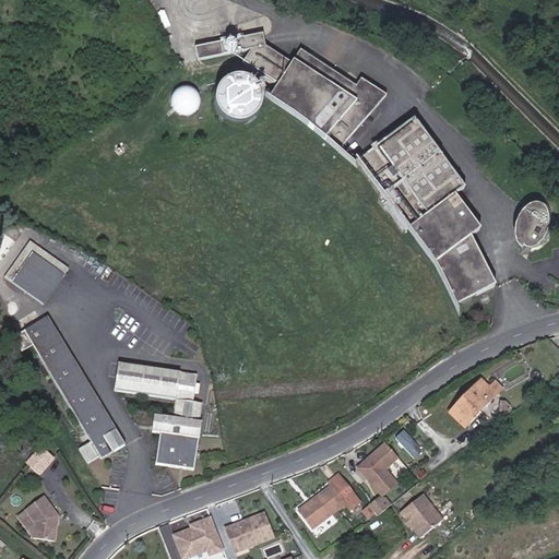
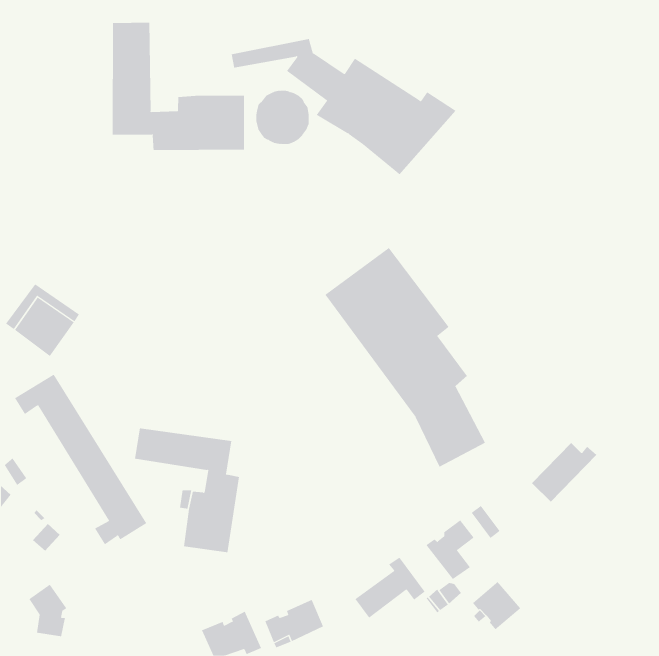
building: none -> [112,22,244,151]
building: [358,118,495,305] -> [325,247,486,467]
building: [520,199,554,243] -> none

